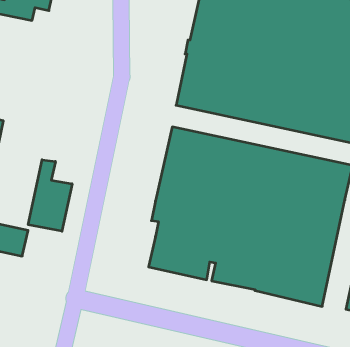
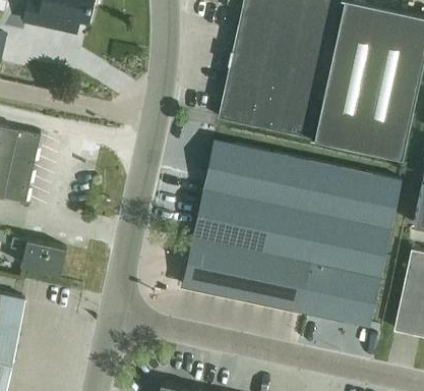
building: [28,160,72,231] -> none

